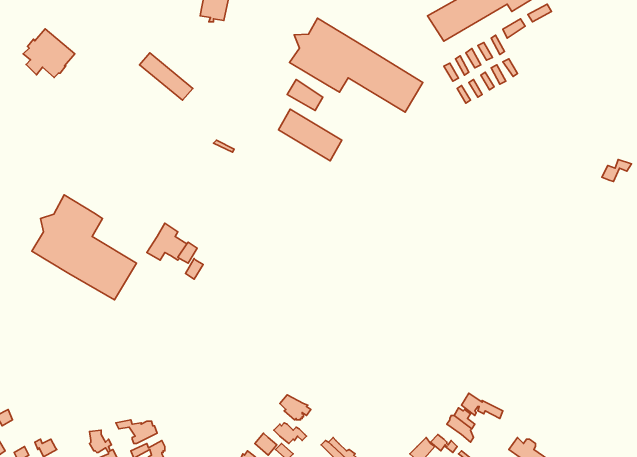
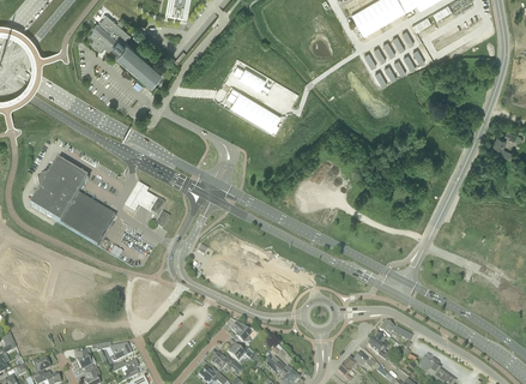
building: [290,18,423,112] -> none
building: [23,29,75,78] -> [89,14,131,54]

